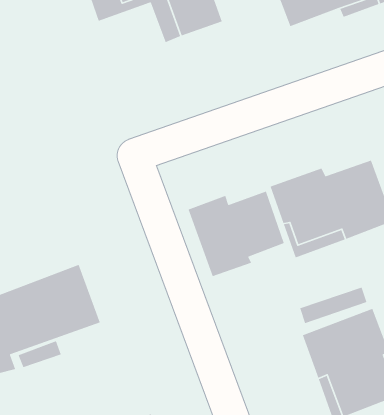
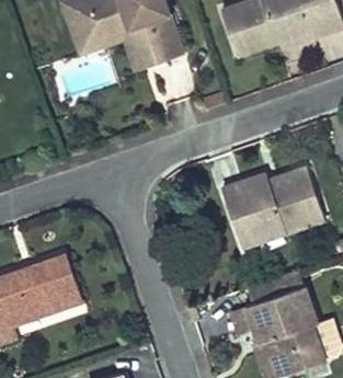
building: [188,191,285,277] -> none

